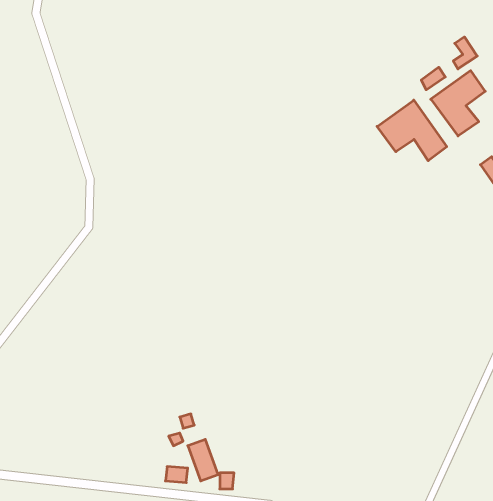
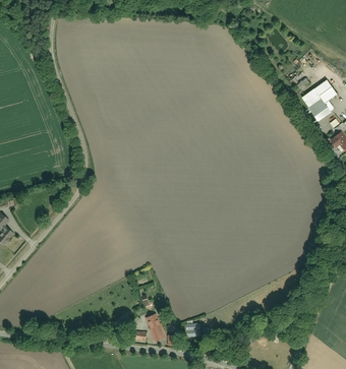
building: [377,100,447,161] -> none

